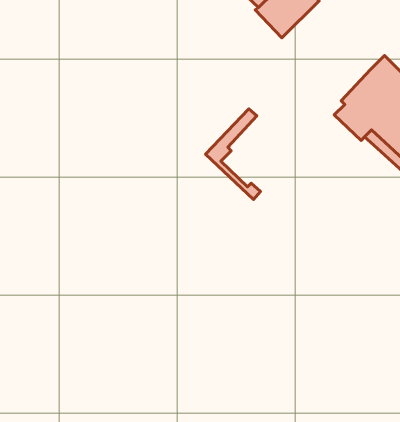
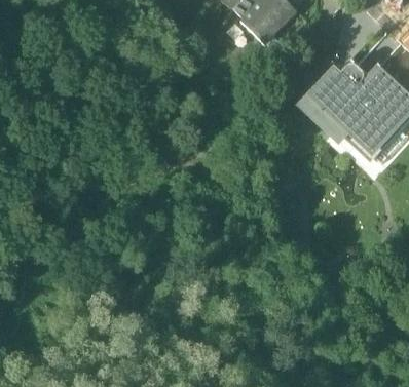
building: [206,109,260,200] -> [296,66,344,146]

